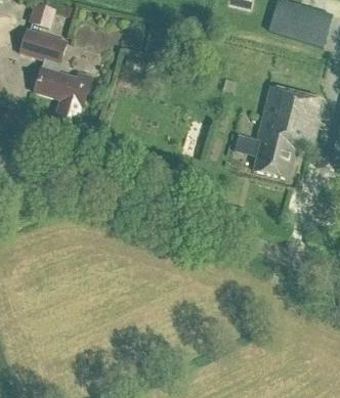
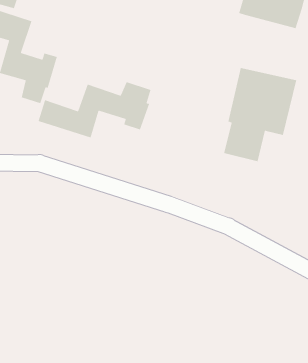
building: none -> [37,81,151,138]

